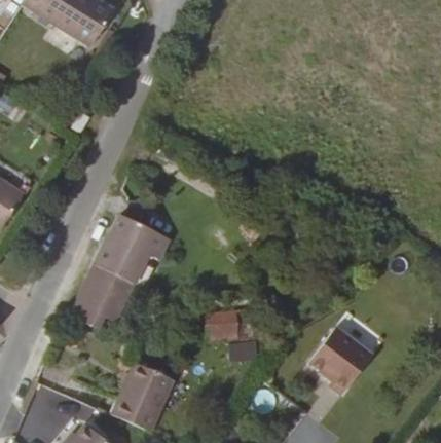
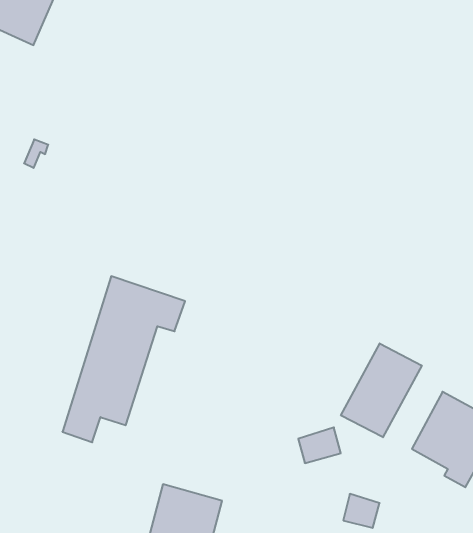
building: none -> [341,343,422,437]
building: [205,311,238,341] -> none

